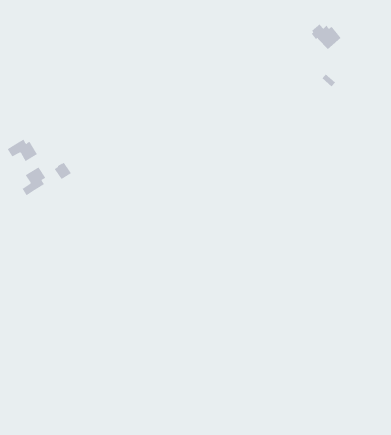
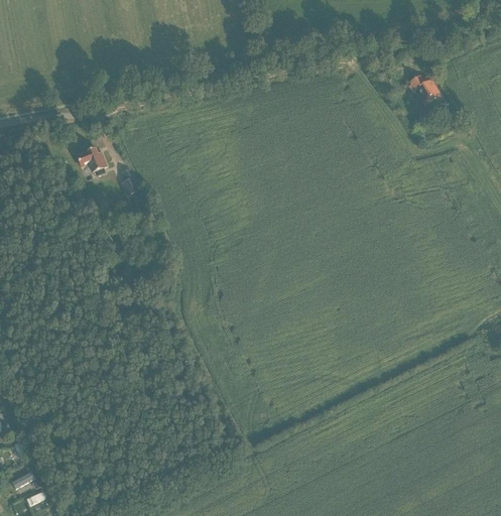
building: [22,166,46,196] -> none

